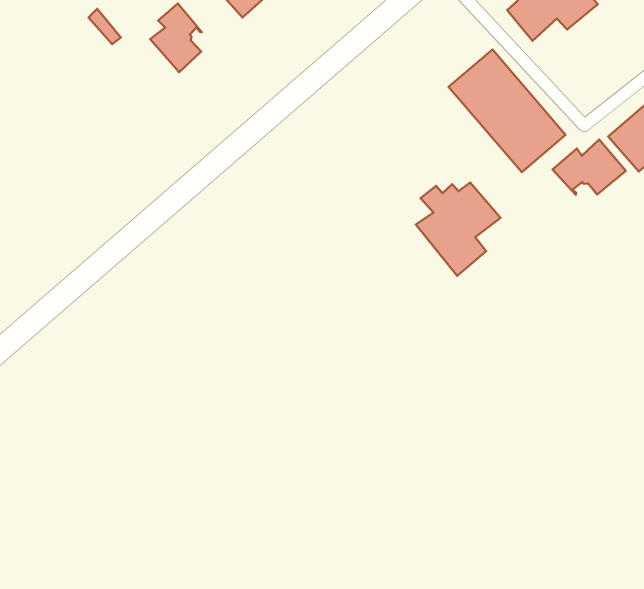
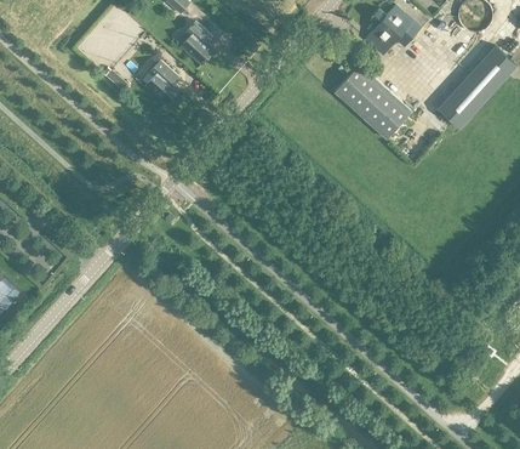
building: [553,140,626,195] -> none
building: [416,183,501,276] -> none

